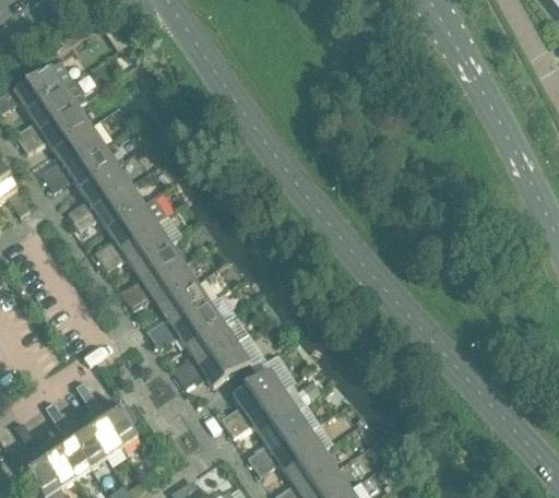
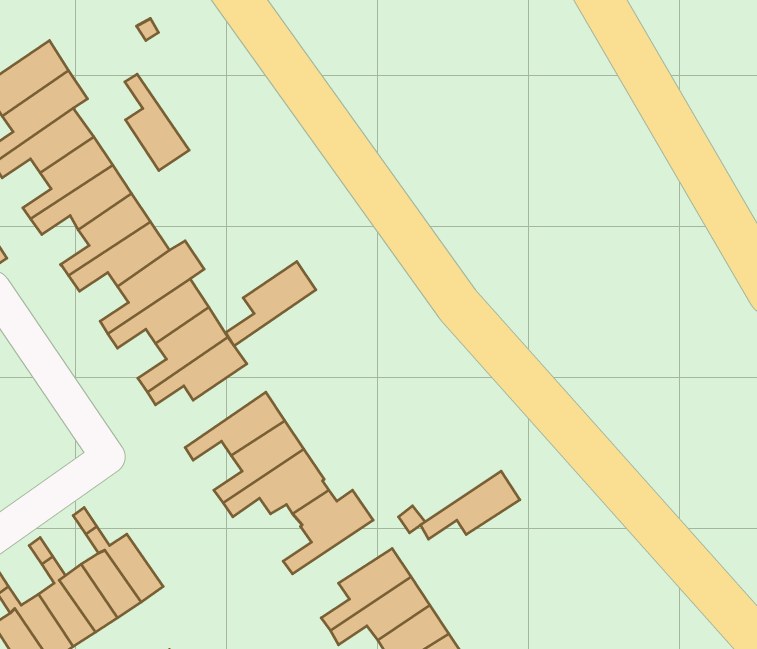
building: none -> [125,74,189,171]
building: [150,282,212,340] -> [226,261,316,345]
building: [230,390,299,437] -> [421,471,520,539]

